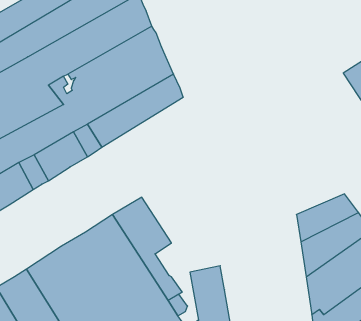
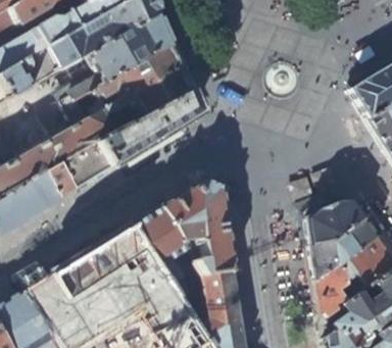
building: none -> [160,178,234,277]

